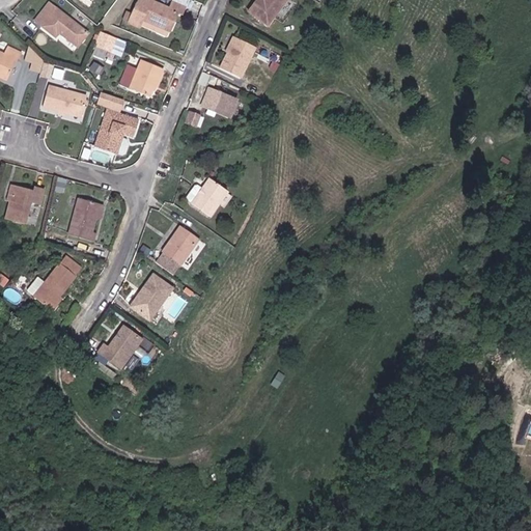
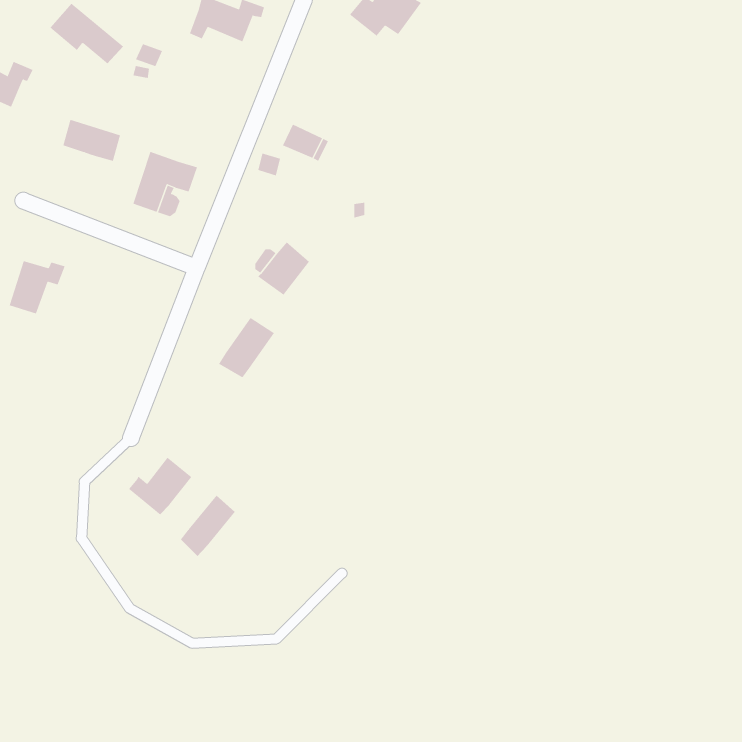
building: [219,46,249,75] -> none
building: [131,60,164,94] -> none
building: [68,198,103,243] -> none
building: [33,257,81,312] -> none
building: [130,274,170,319] -> none
building: none -> [180,495,235,557]

